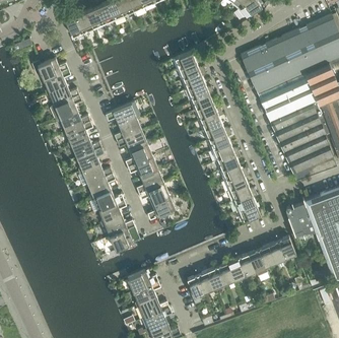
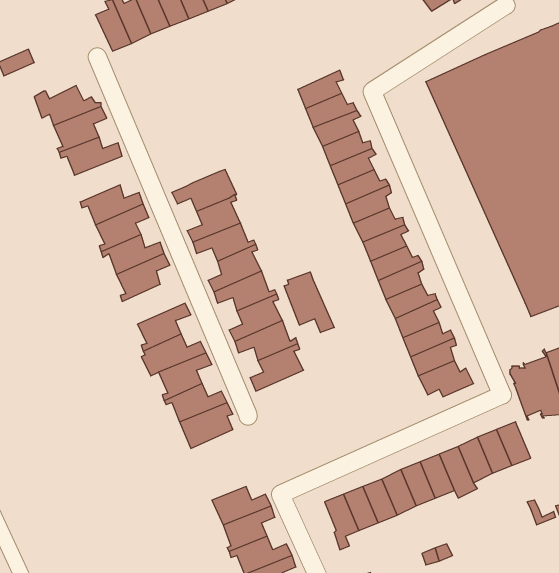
building: [51,95,82,120] -> none
building: none -> [284,272,334,333]
building: [78,163,113,186] -> none

